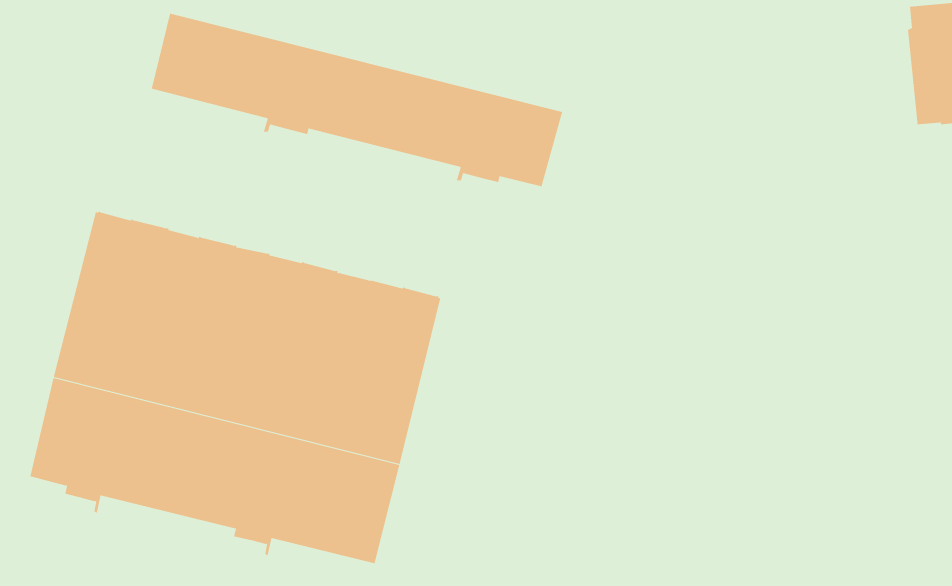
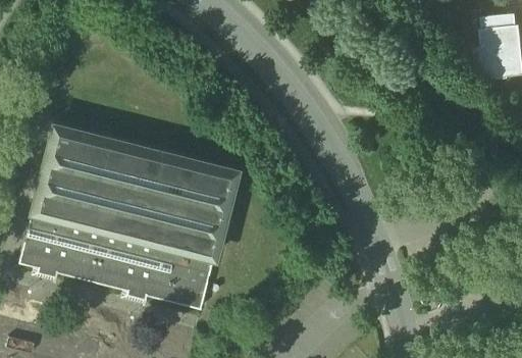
building: [151,13,563,187] -> none

